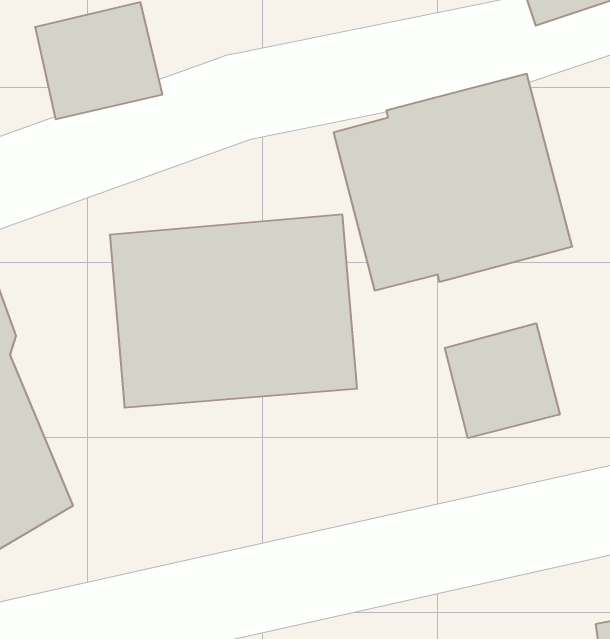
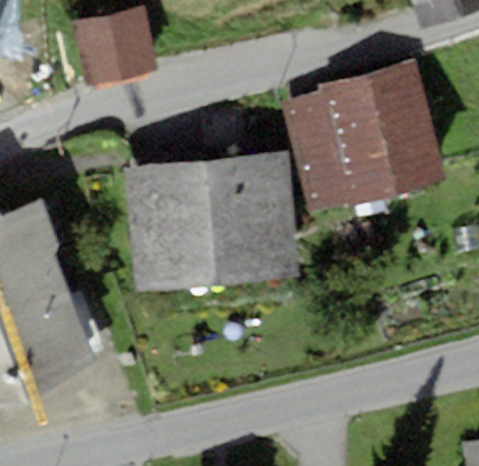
building: [445,323,560,438] -> none

